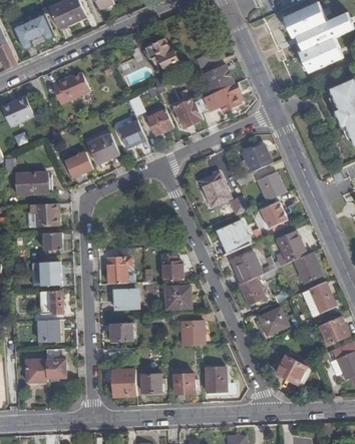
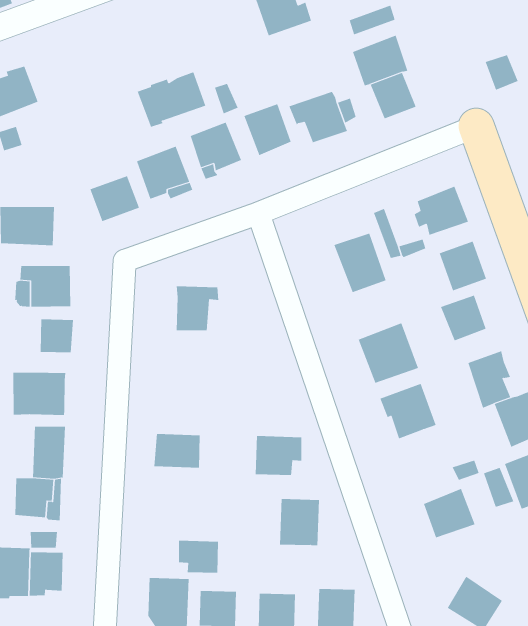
building: [50,73,88,105] -> [137,72,206,128]
building: [162,256,183,281] -> none
building: [107,259,131,284] -> [176,286,219,331]
building: [239,278,265,306] -> none
building: [110,322,133,340] -> [178,540,219,573]

